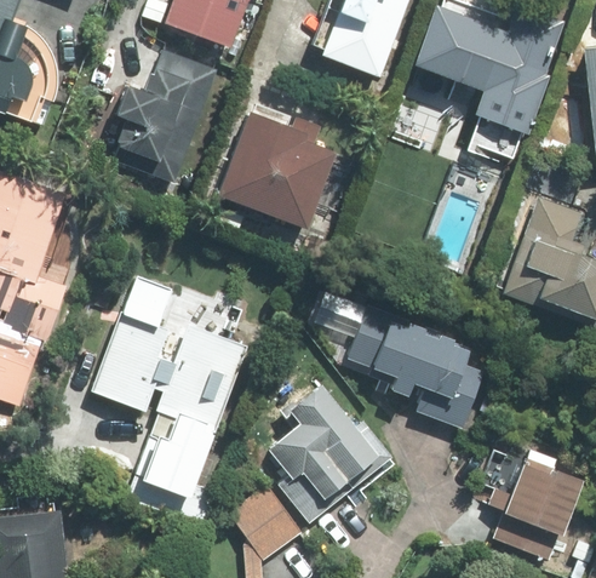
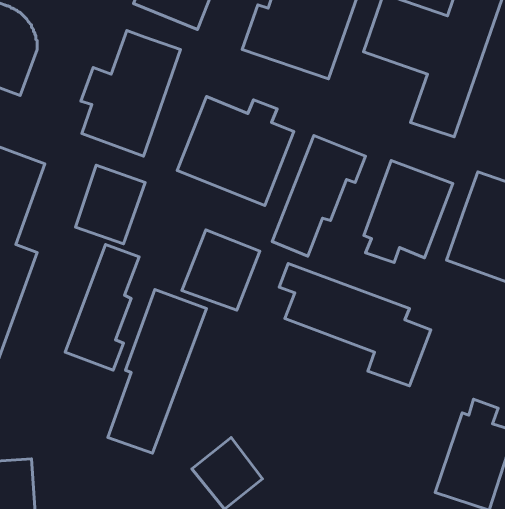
building: none -> [272,136,366,256]
building: none -> [364,161,453,263]
building: none -> [76,165,145,244]
building: none -> [182,230,260,310]
building: [262,373,395,522] -> none

